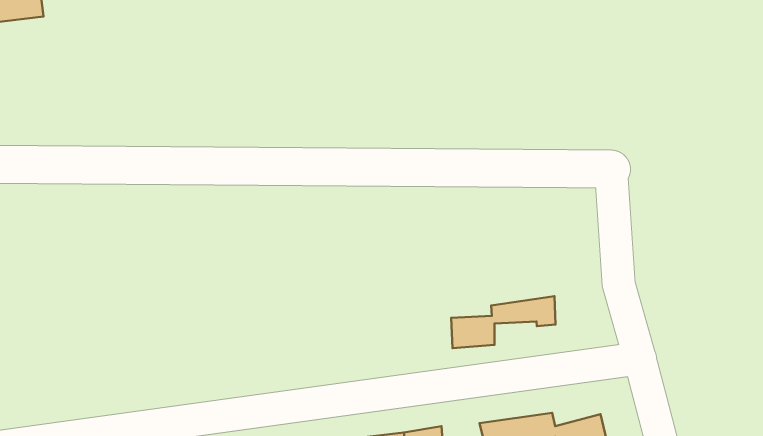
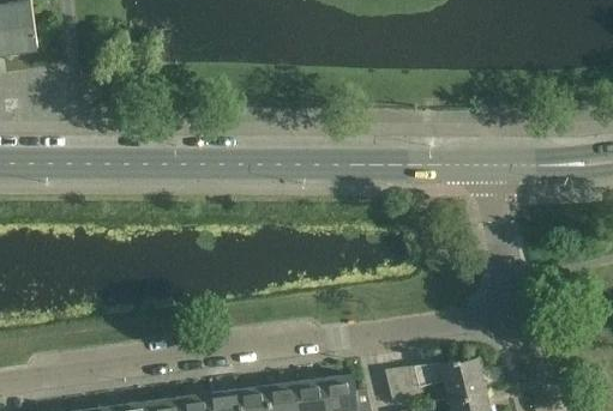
building: [451,296,555,348] -> none

